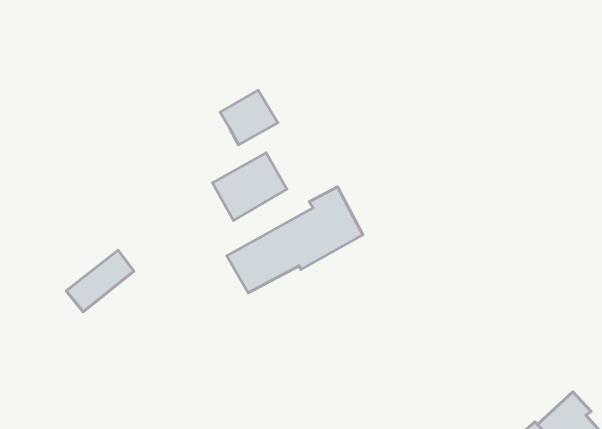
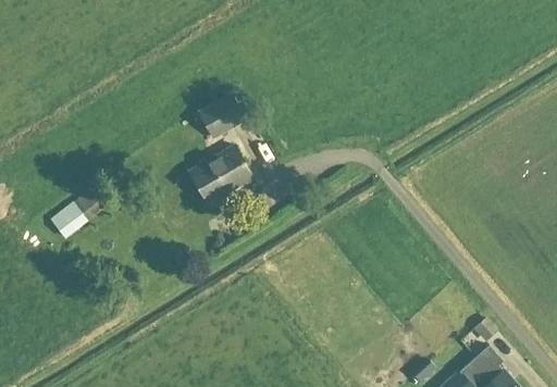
building: [227,187,363,293] -> none
building: [66,250,134,312] -> [49,189,106,240]

